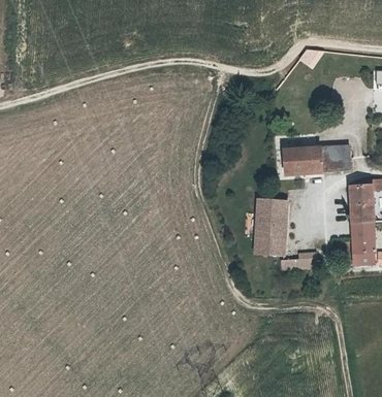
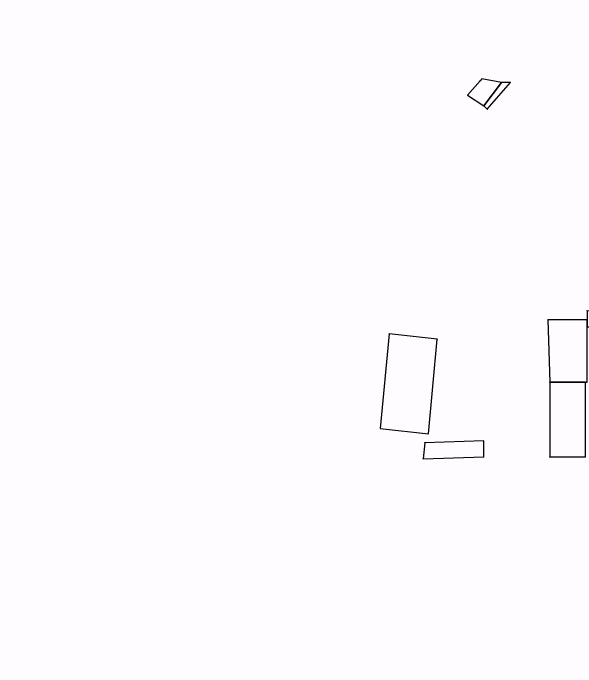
building: [287,145,353,173] -> none

